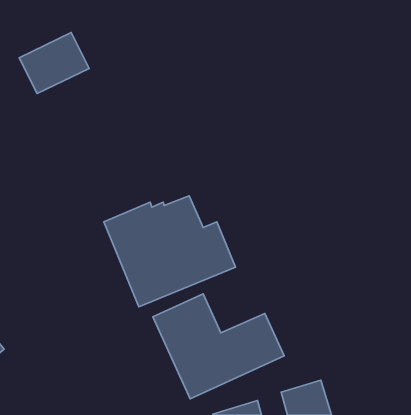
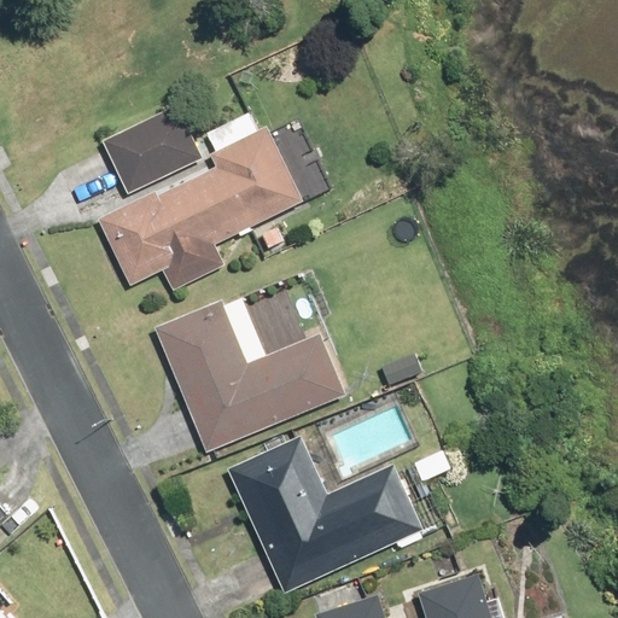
building: [19,33,89,94] -> [100,105,204,196]
building: none -> [95,115,309,292]

